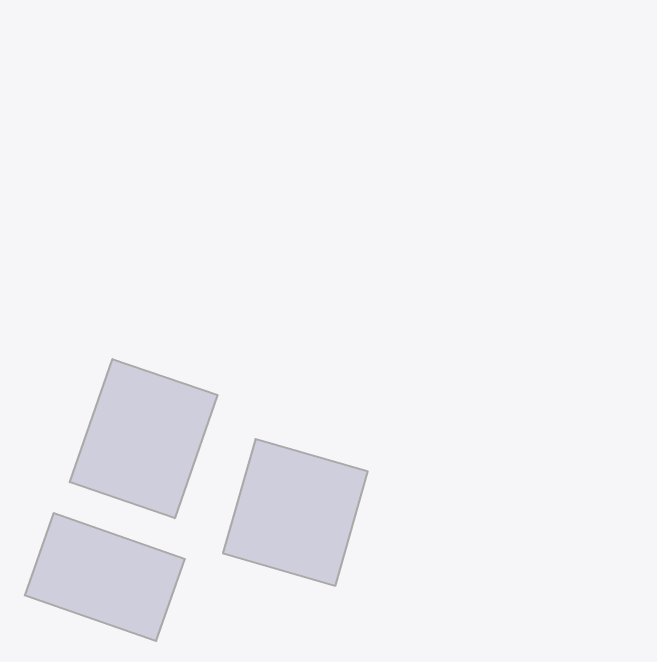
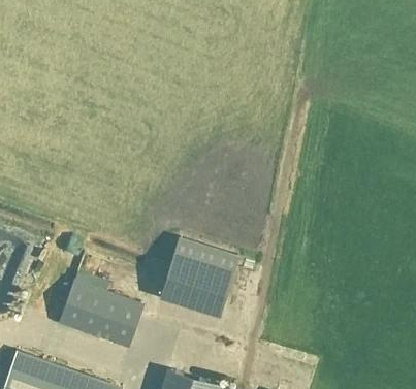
building: [70,359,218,518] -> none

